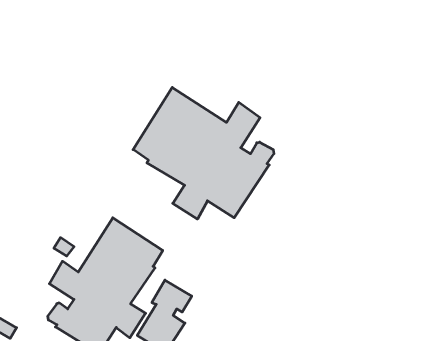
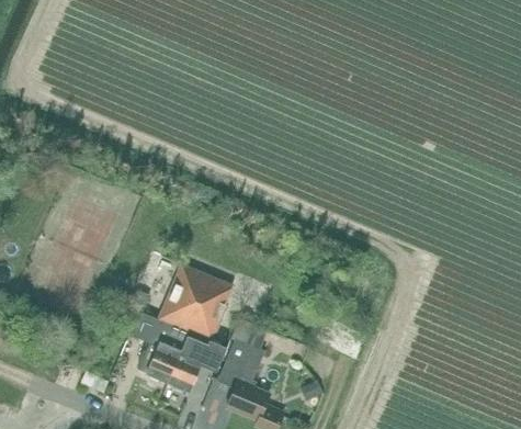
building: [133,87,274,219] -> none

